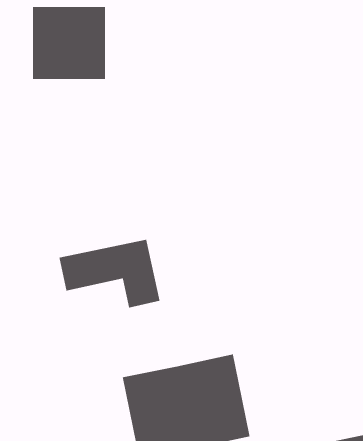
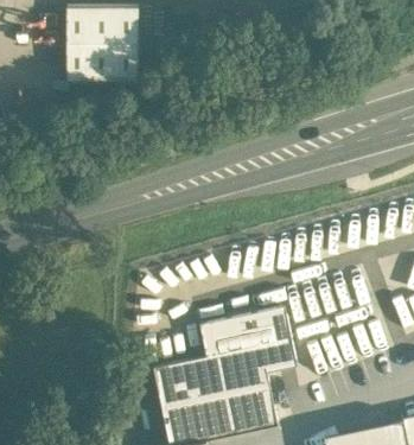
building: [59,239,160,309] -> [198,305,297,373]

